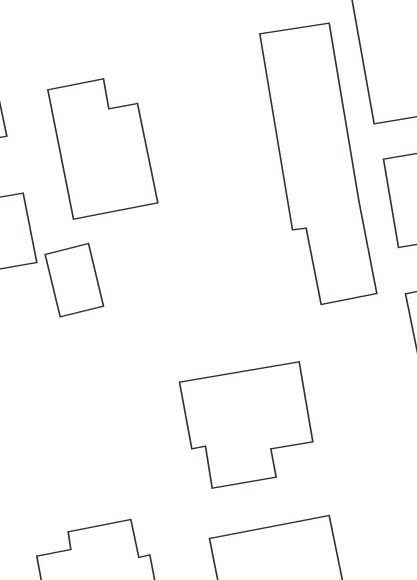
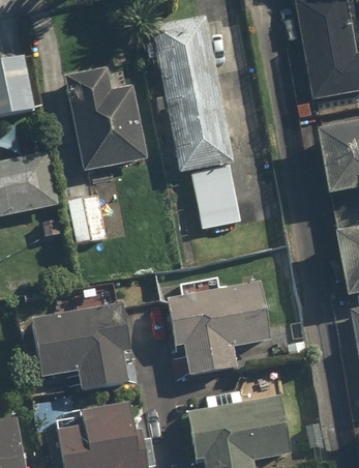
building: [260,23,377,304] -> [152,14,241,229]
building: none -> [32,304,130,388]

